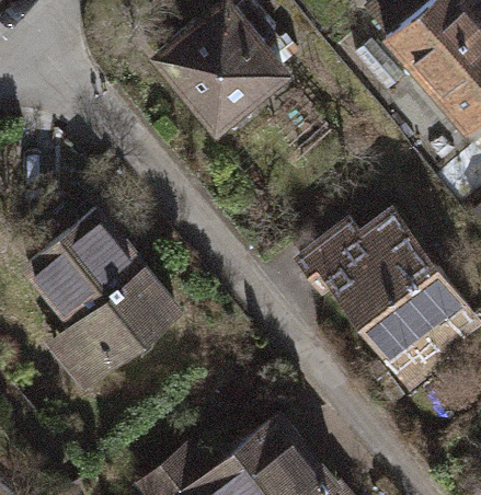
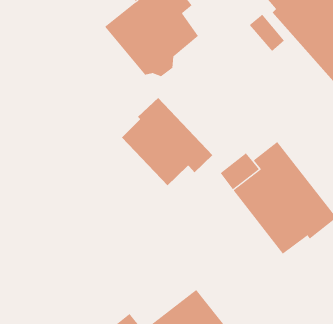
building: none -> [121,97,213,186]
building: [26,218,176,379] -> none

